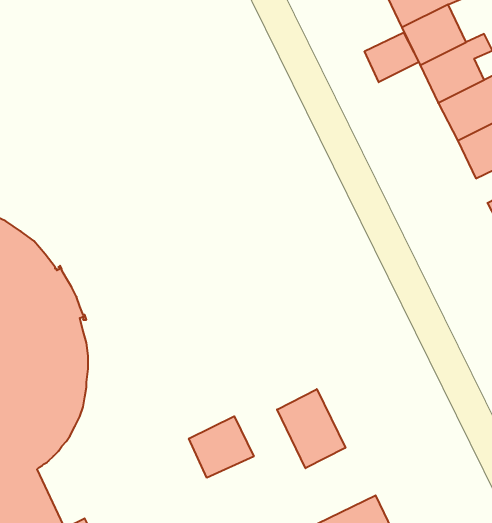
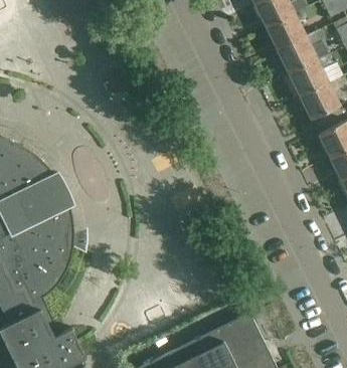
building: [365,32,419,82] -> none
building: [277,389,345,468] -> none
building: [189,416,254,478] -> none

